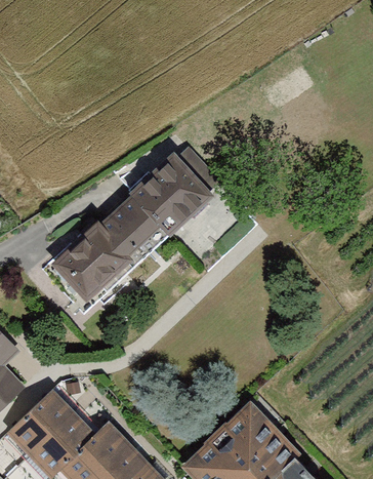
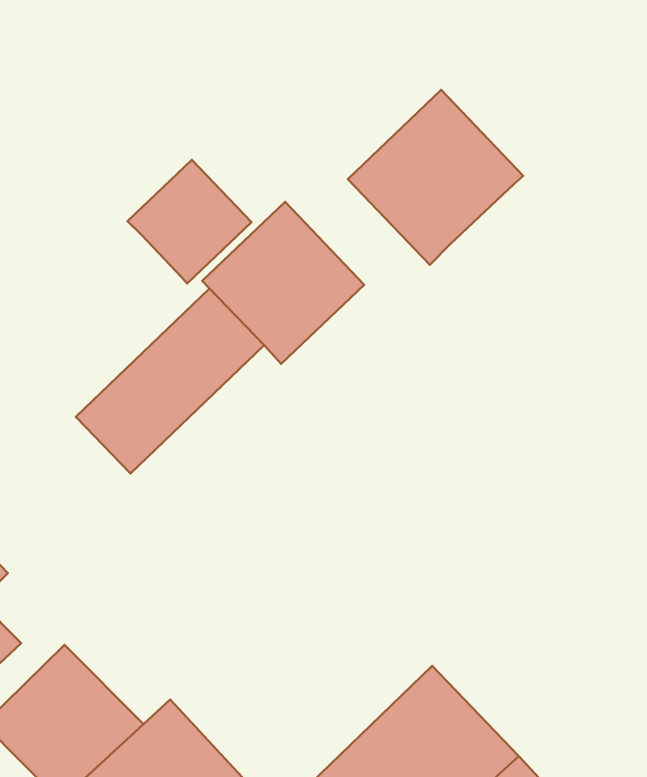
building: none -> [348,90,523,265]
building: none -> [128,160,251,284]

